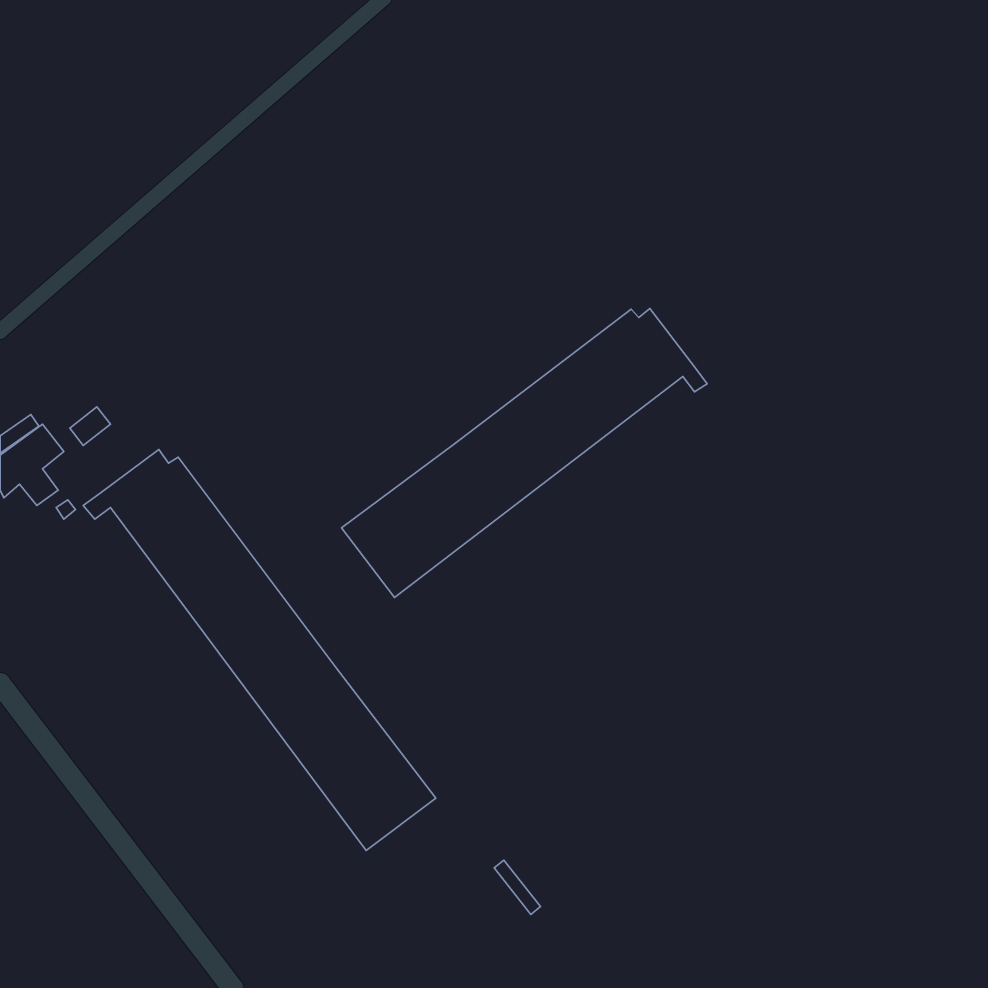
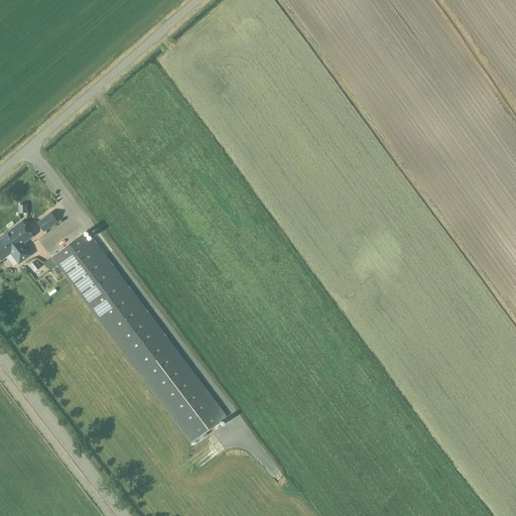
building: [342,309,707,598] -> none

